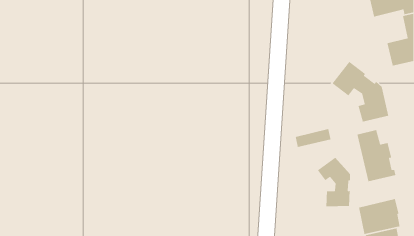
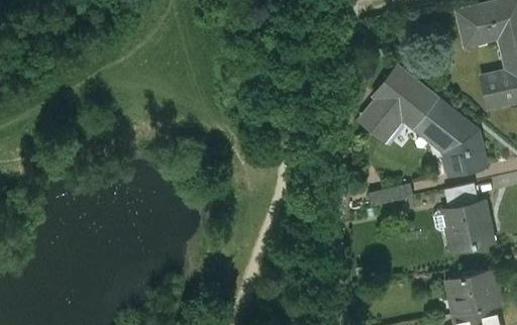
building: none -> [360,69,435,134]
building: [317,157,351,207] -> none

